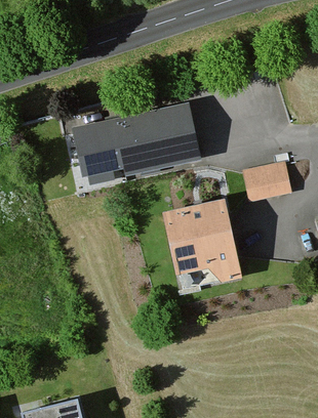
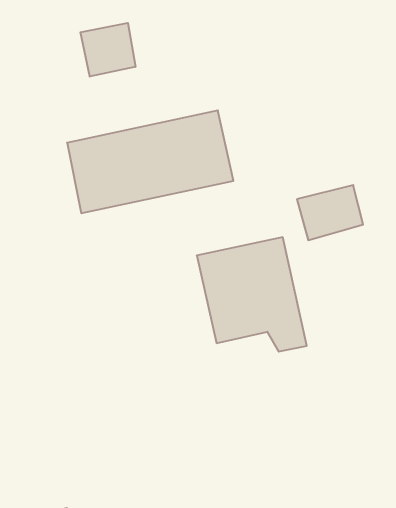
building: none -> [80,23,135,77]

